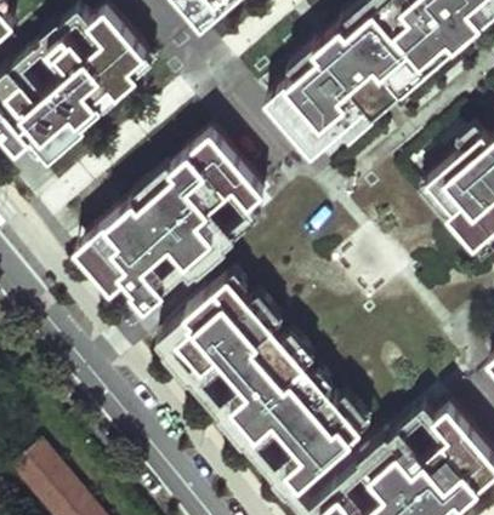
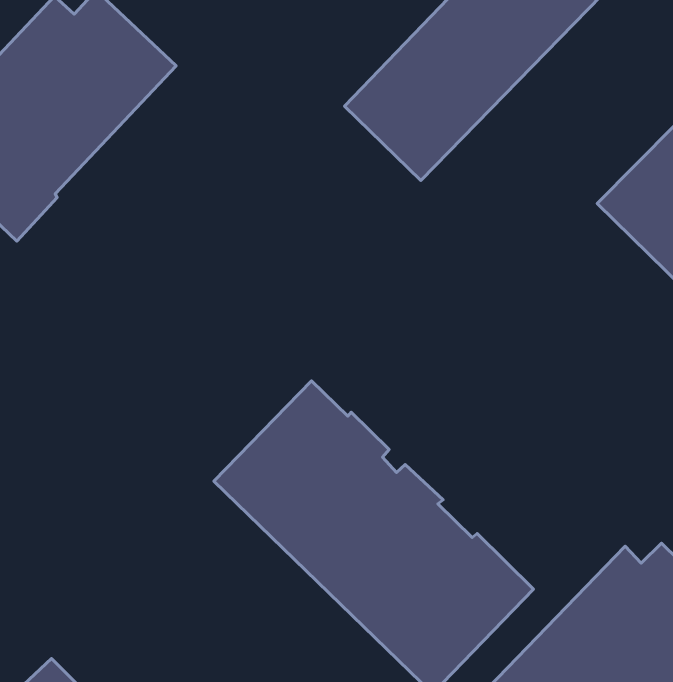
building: [80,131,273,304] -> none

